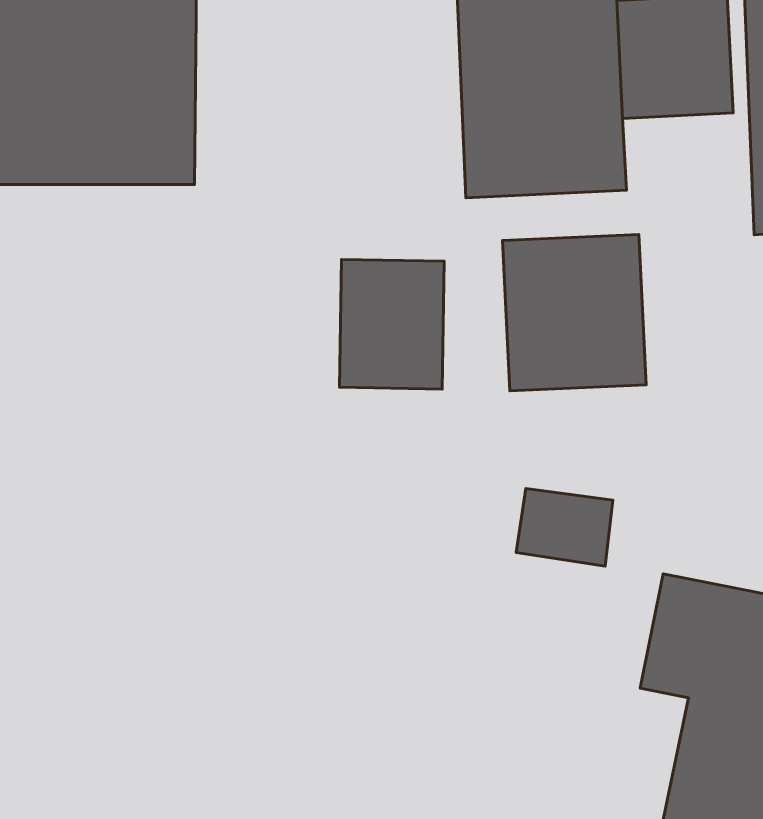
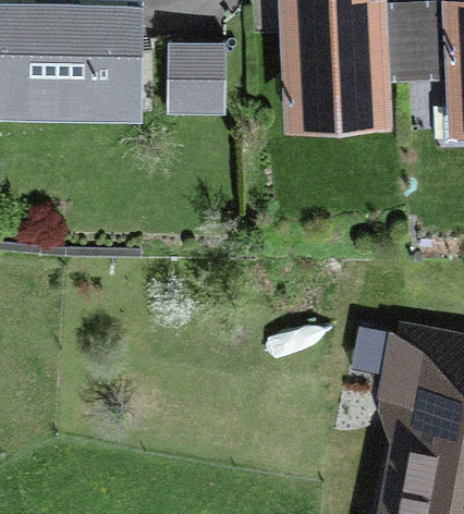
building: [502,234,646,391] -> none
building: [339,259,444,389] -> [166,45,224,118]

